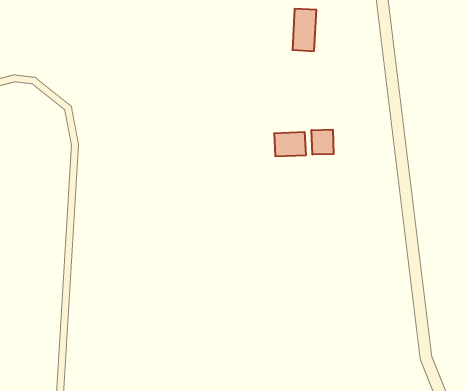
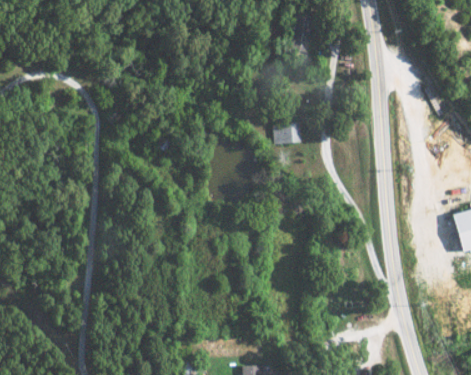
building: [311,130,334,155] -> none

